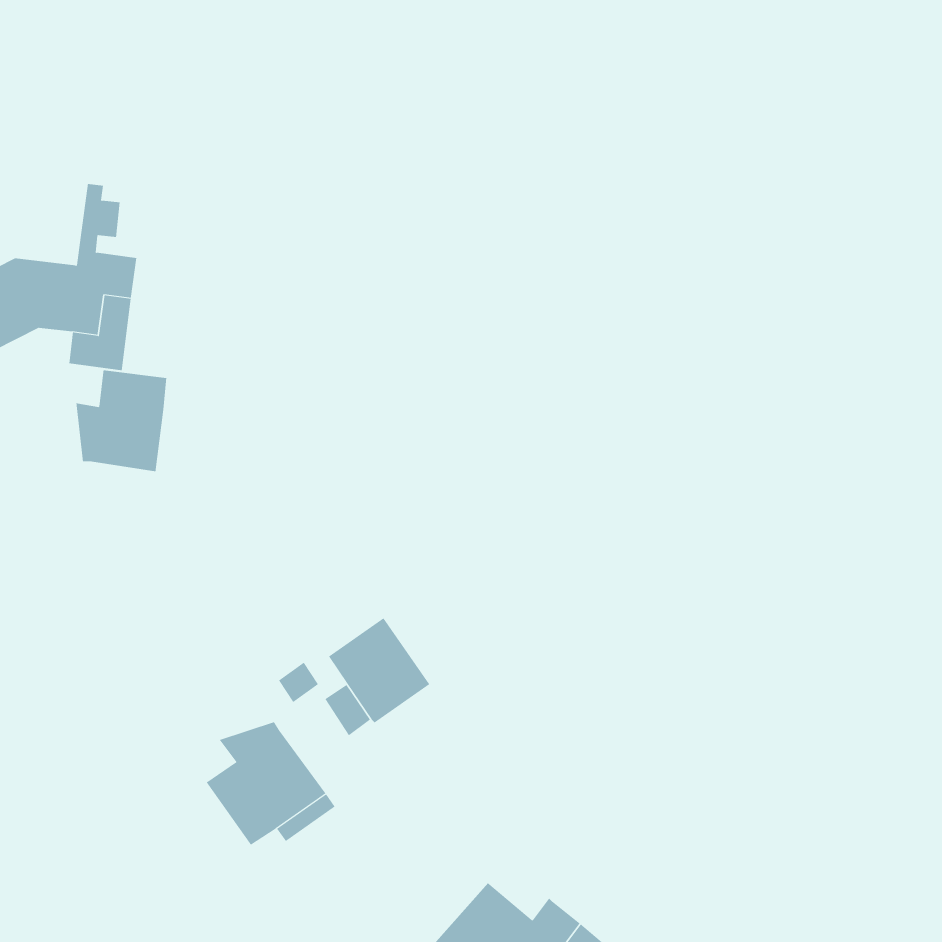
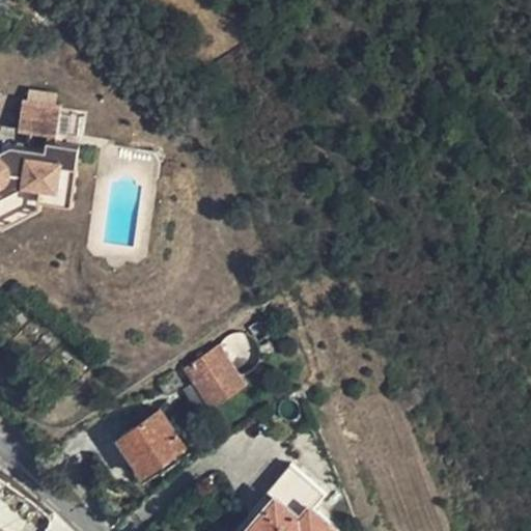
building: none -> [17,102,49,136]
building: [76,369,167,472] -> none
building: none -> [269,469,319,518]

